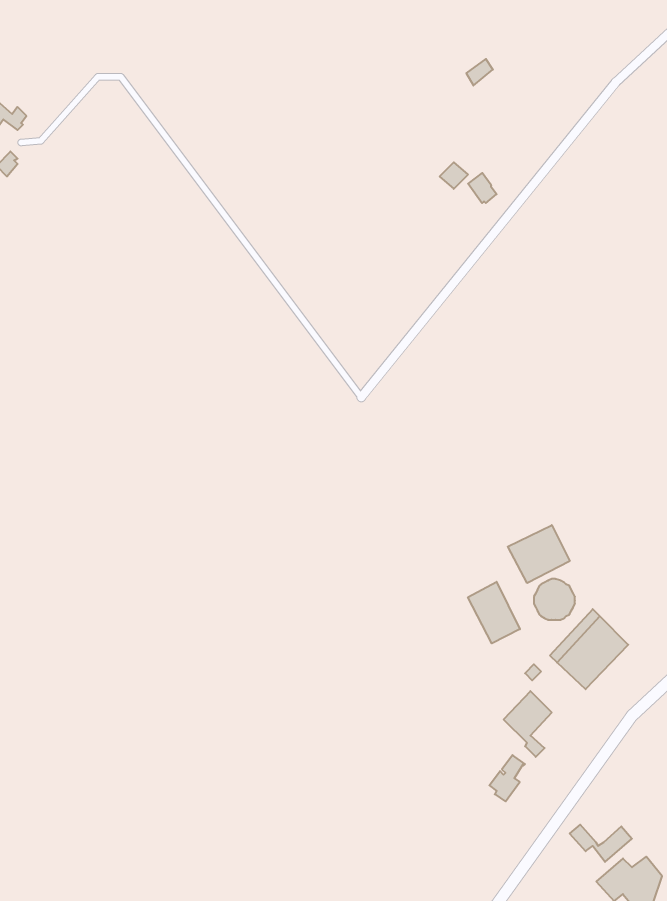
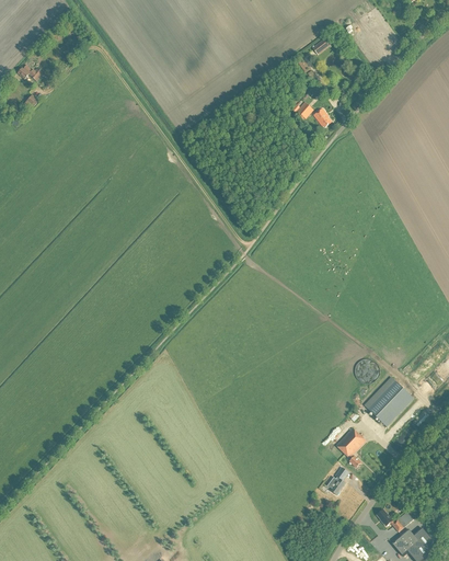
building: [508,525,570,583] -> none
building: [468,582,520,643] -> none

